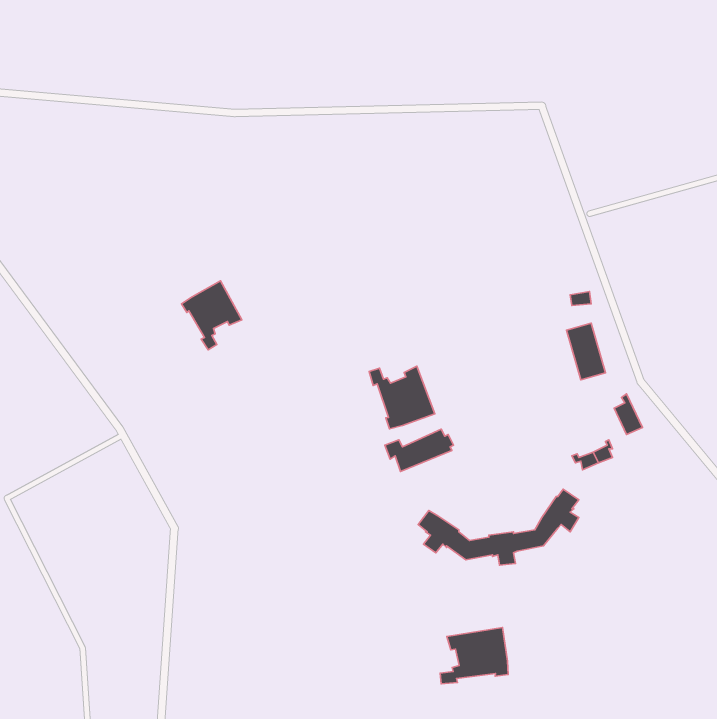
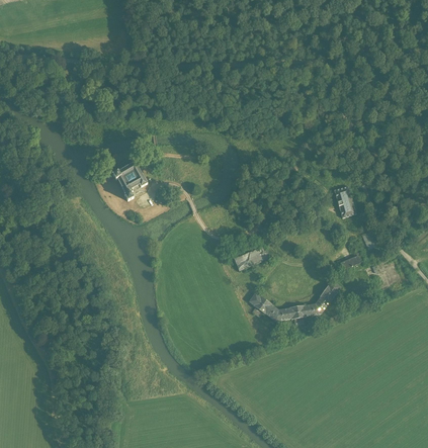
building: [369,366,435,429] -> none
building: [440,627,508,684] -> none

